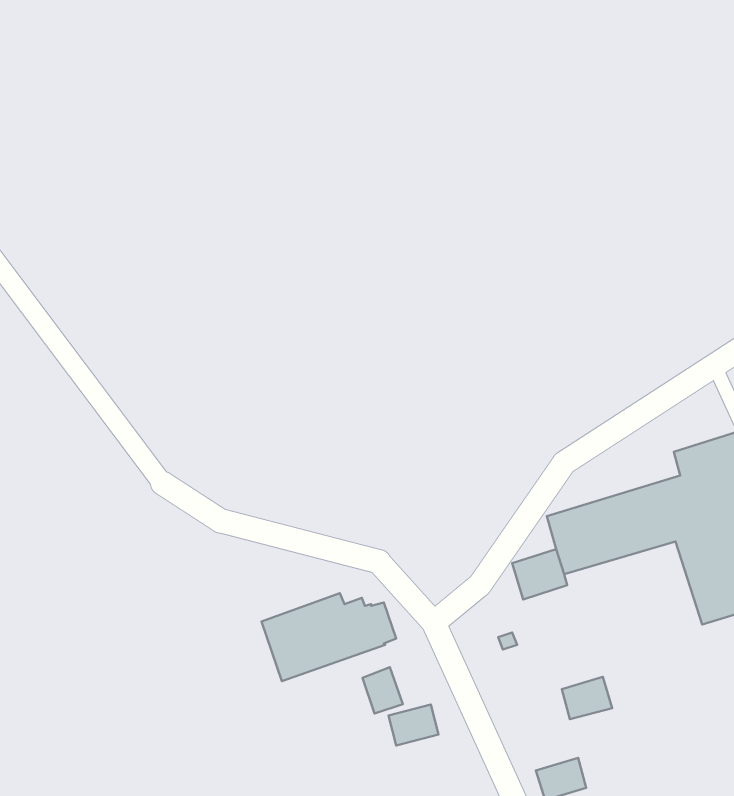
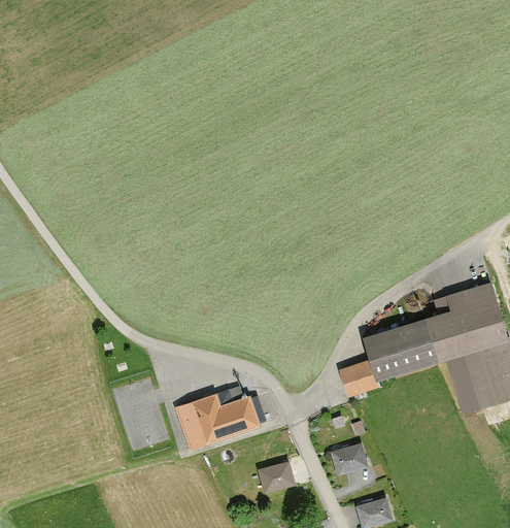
building: [363,667,403,714] -> none
building: [562,677,612,719] -> [332,444,365,472]

